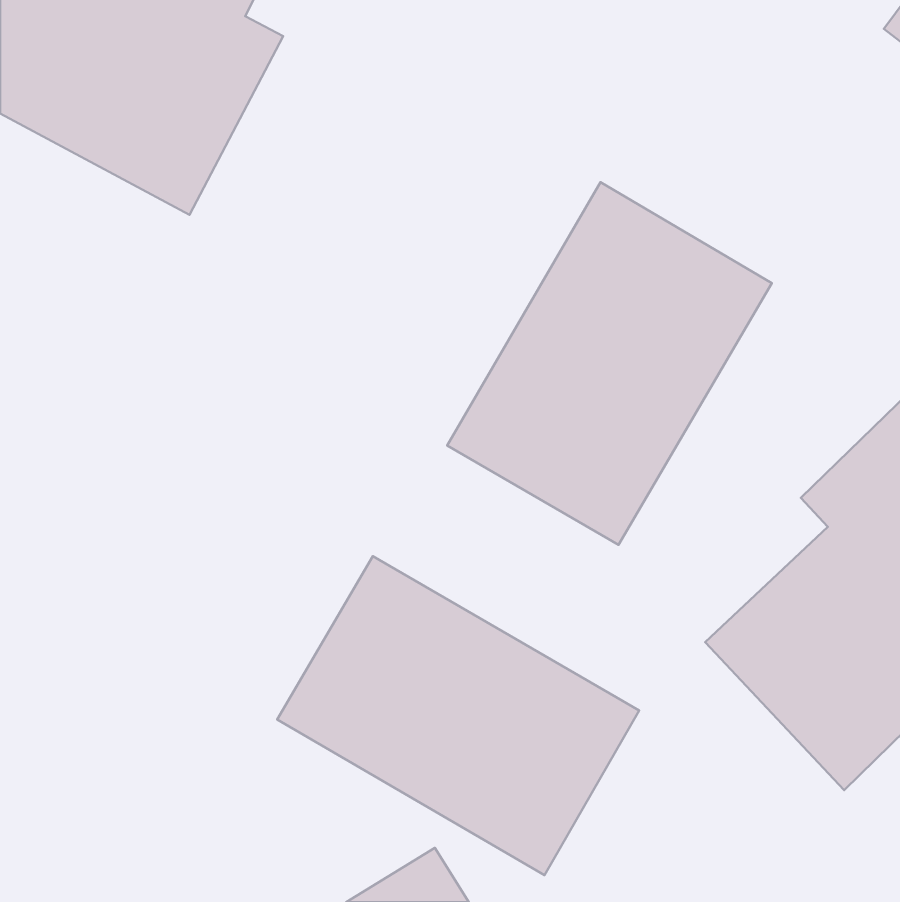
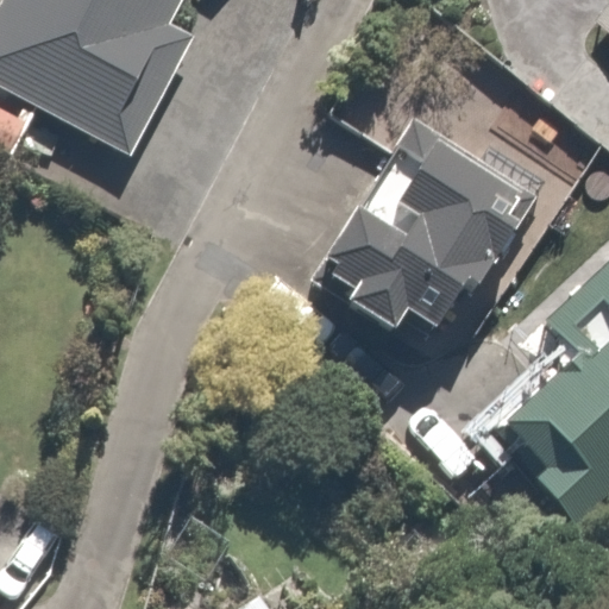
building: [277,556,639,875] -> none

